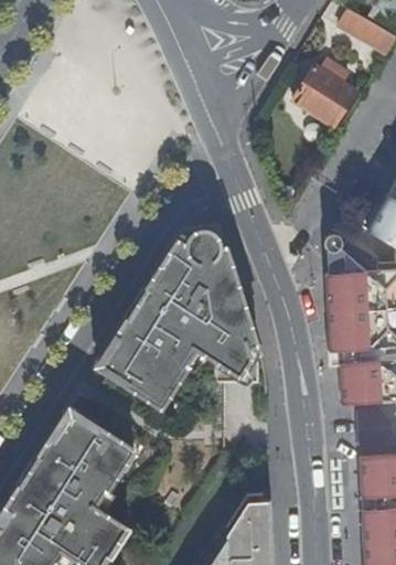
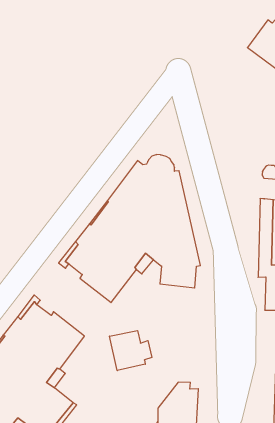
building: none -> [110,331,152,371]

